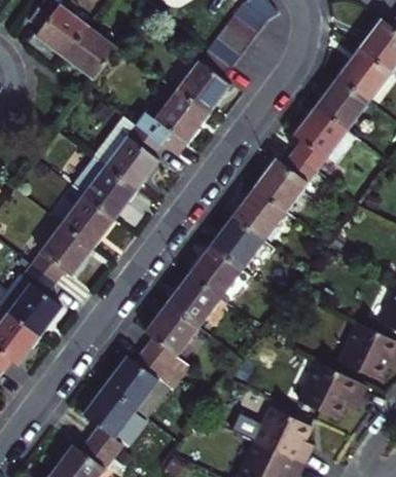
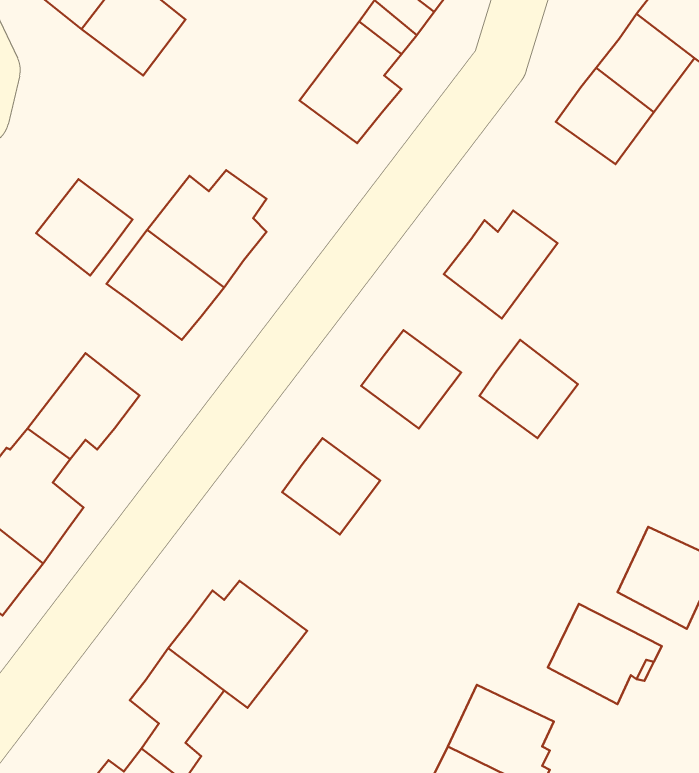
building: [139,91,209,156] -> none
building: [292,103,359,168] -> none
building: [233,184,286,236] -> [480,340,578,438]
building: [64,197,115,249] -> [36,179,132,275]
building: [190,244,242,294] -> none
building: [146,300,200,374] -> none

